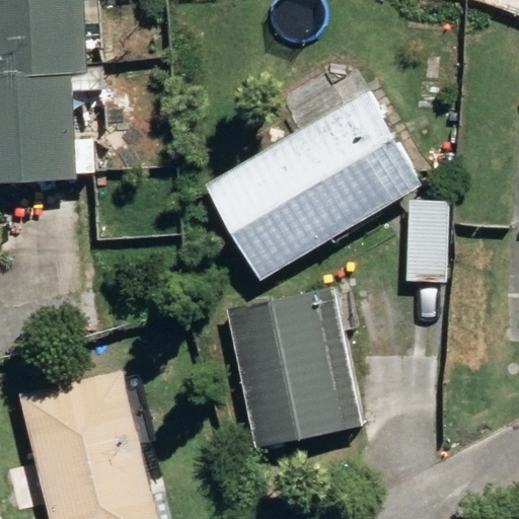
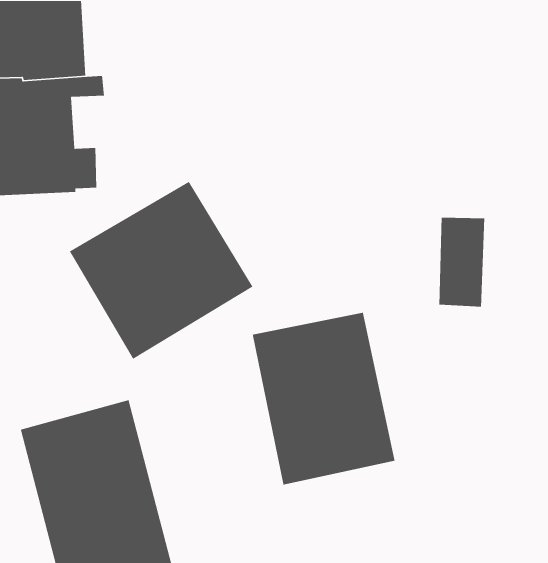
building: [204,92,420,281] -> none
building: none -> [69,181,254,360]

